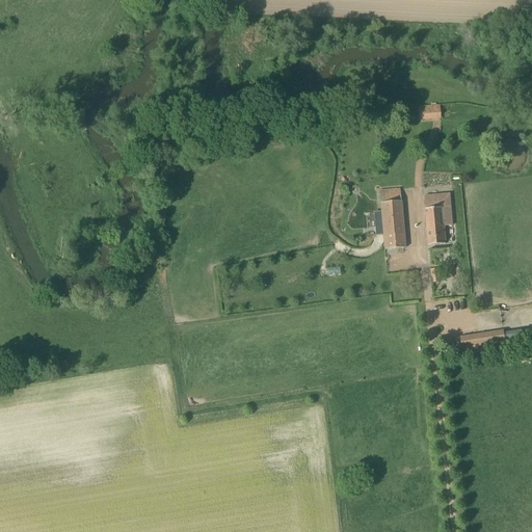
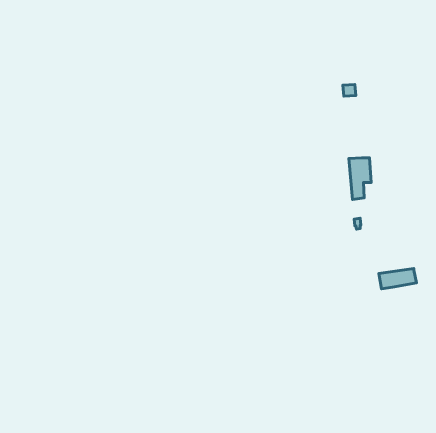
building: [380,198,404,247] -> none

